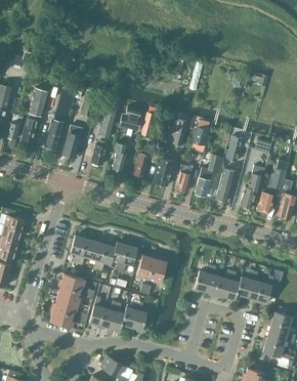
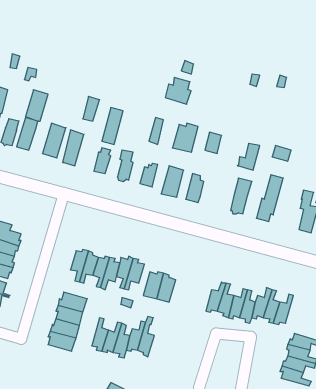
building: [119,108,142,132] -> [165,77,191,104]
building: [195,154,223,197] -> none
building: [257,160,288,213] -> none

